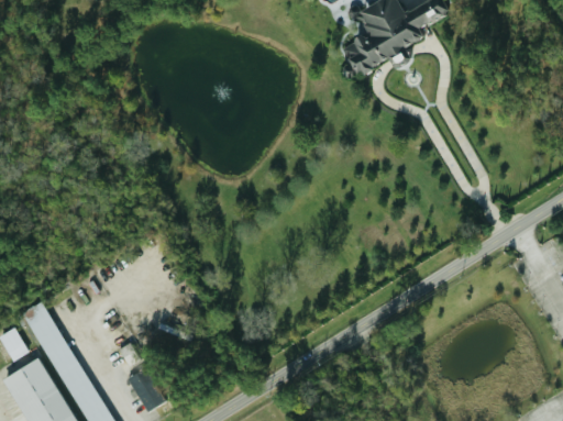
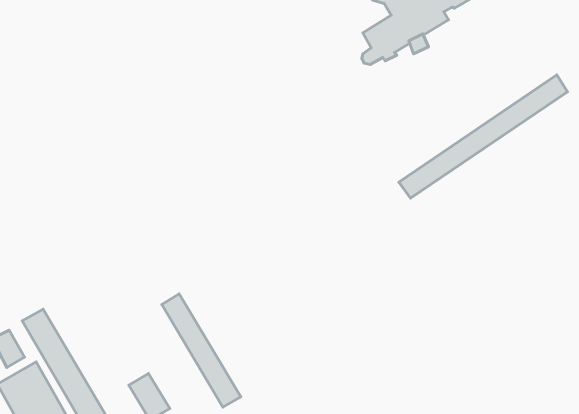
building: none -> [399,75,568,198]
building: none -> [162,294,241,407]

